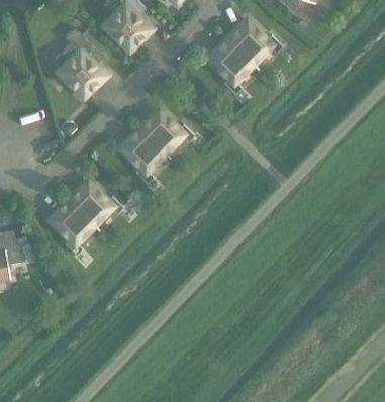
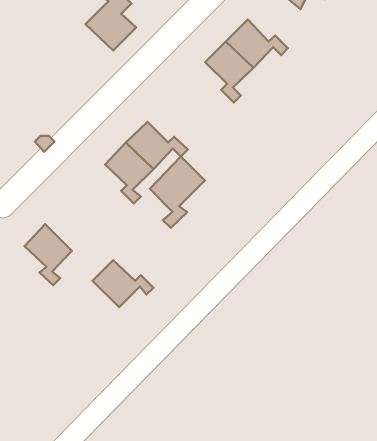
building: [50,28,101,95] -> none
building: none -> [150,156,205,228]
building: [67,183,120,224] -> [93,260,154,307]

